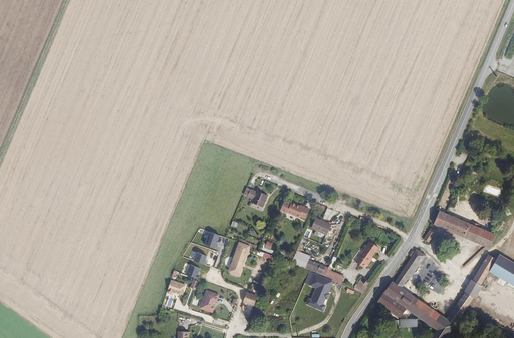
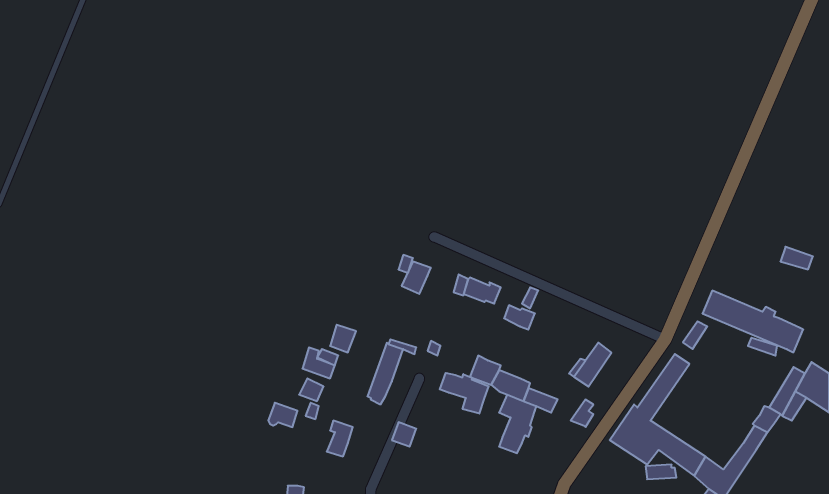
building: none -> [440,373,489,414]

